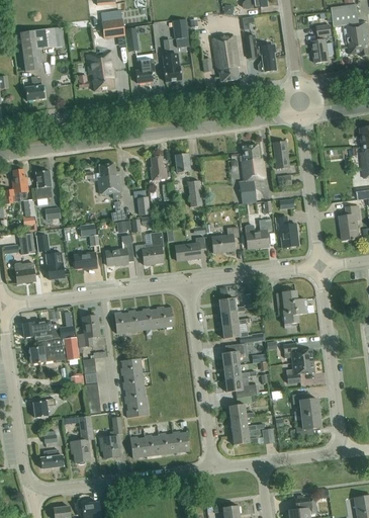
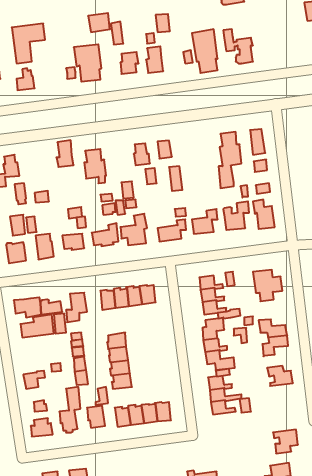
building: [311,23,331,62] -> none
building: [34,169,53,197] -> [56,140,74,167]
building: [294,411,320,436] -> [273,430,298,453]

